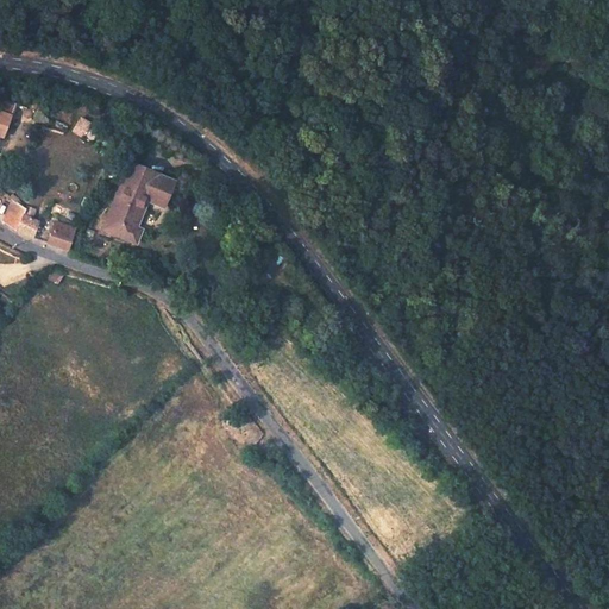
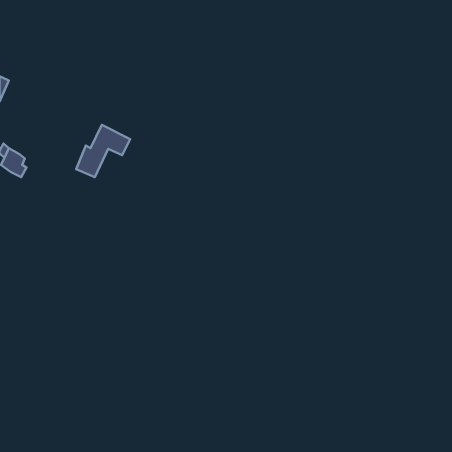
building: [45,219,75,253] -> none

